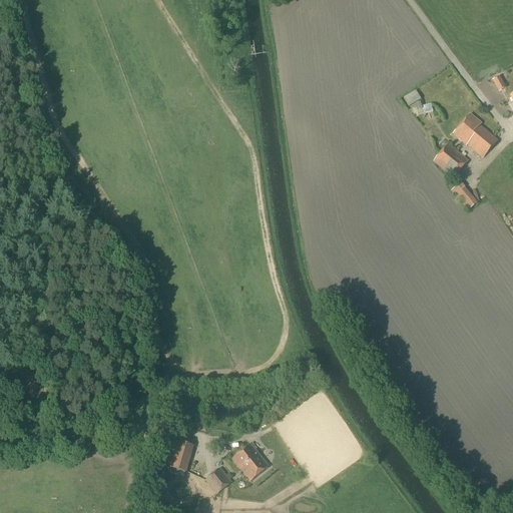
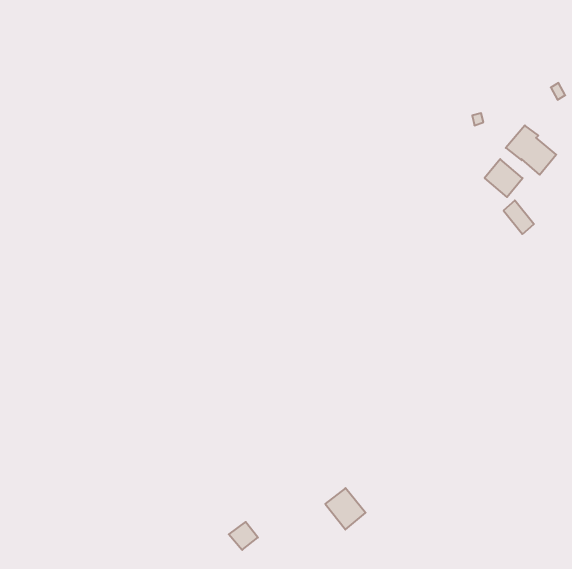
building: [167,439,193,470] -> none
building: [231,443,268,480] -> [325,488,366,530]

